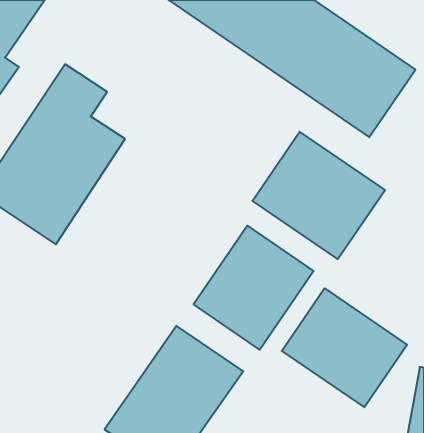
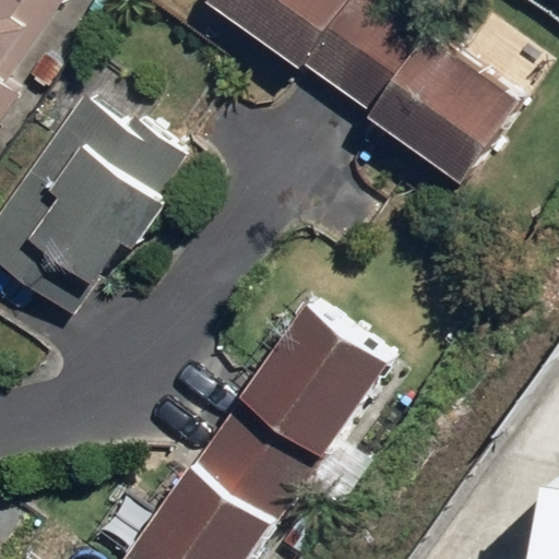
building: [252,132,385,259] -> none
building: [282,288,407,407] -> none

